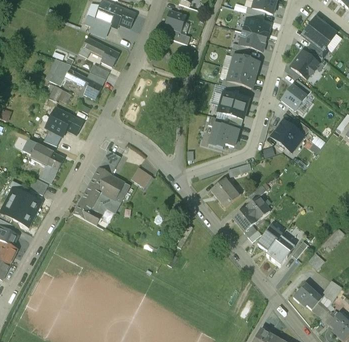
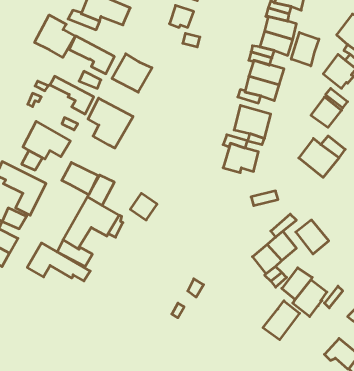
building: none -> [35,15,75,57]
building: none -> [291,32,319,66]
building: none -> [112,54,152,92]
building: none -> [88,98,133,148]
building: none -> [62,162,98,195]
building: [211,179,238,207] -> [296,220,329,254]
building: none -> [27,243,90,281]
building: none -> [263,301,300,340]

